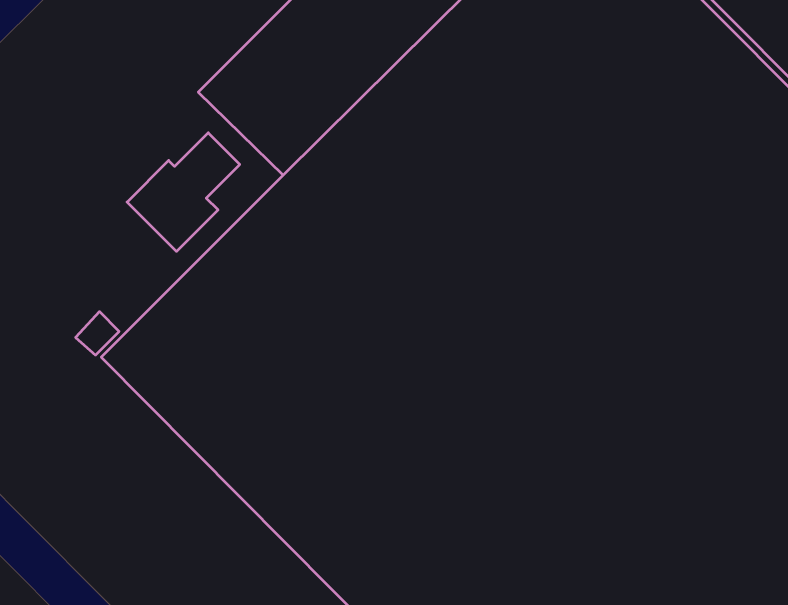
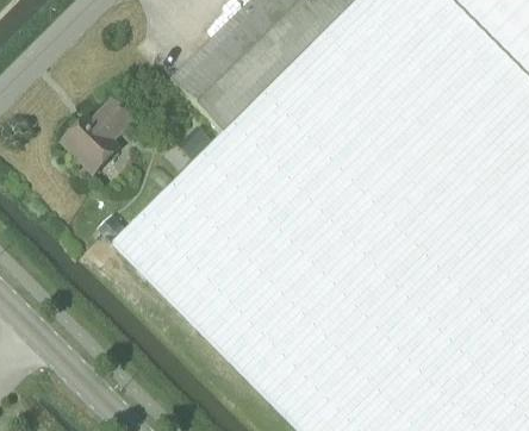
building: [127,133,240,251] -> [62,101,130,173]

